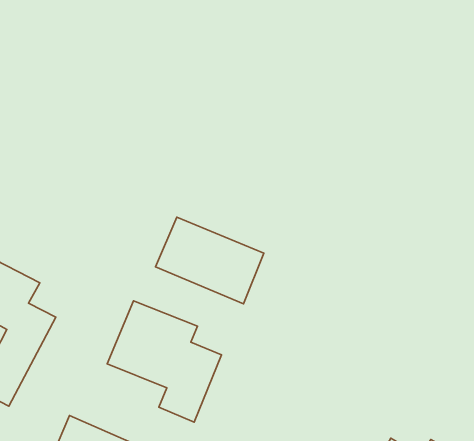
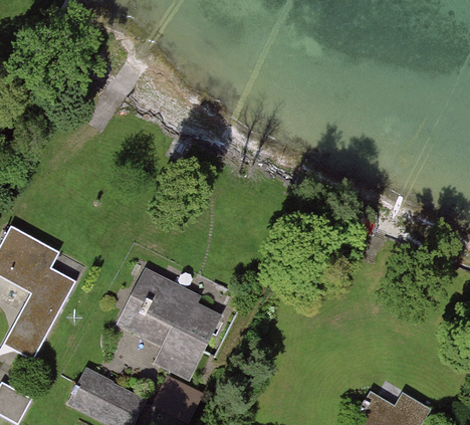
building: [156,217,264,304] -> none

